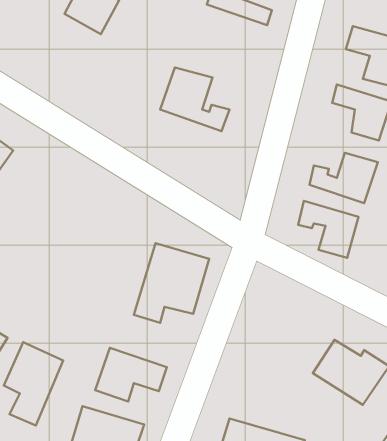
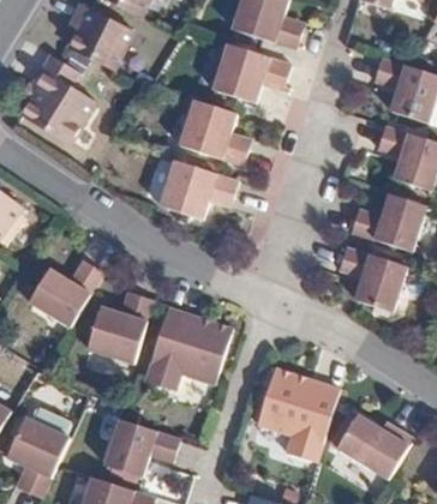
building: none -> [212,54,289,112]
building: none -> [32,59,101,144]
building: none -> [156,169,232,224]
building: none -> [30,246,108,314]
building: none -> [92,280,163,350]
building: none -> [268,352,343,446]

